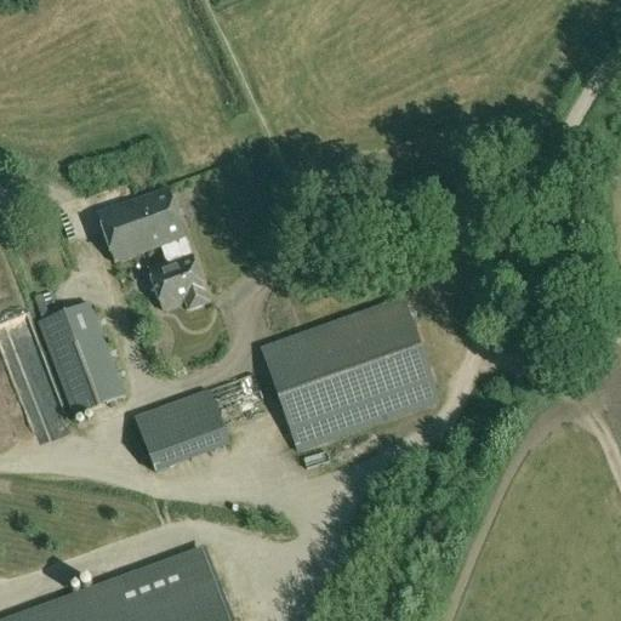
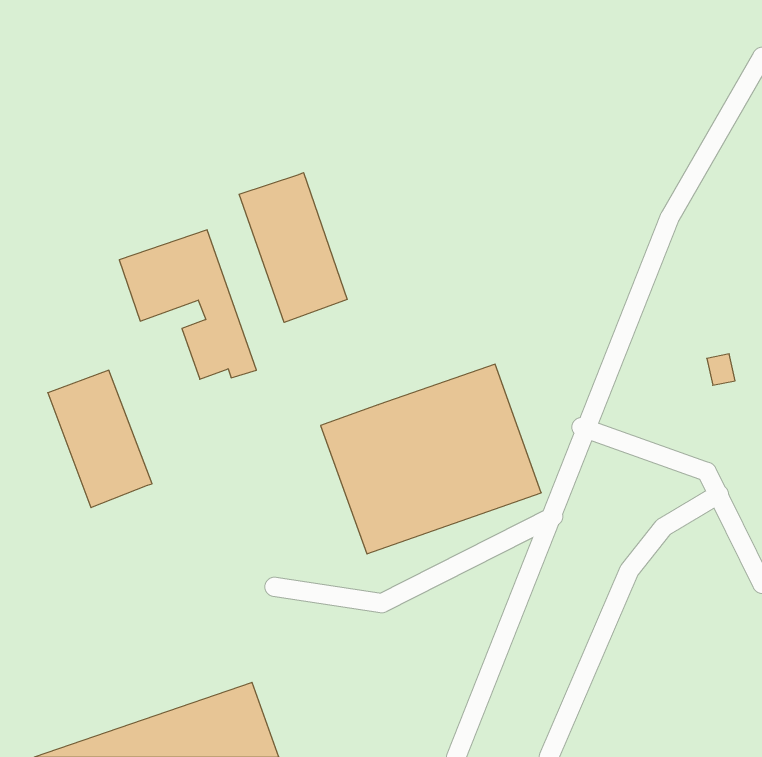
building: none -> [239,173,347,322]
building: [135,370,263,471] -> none

